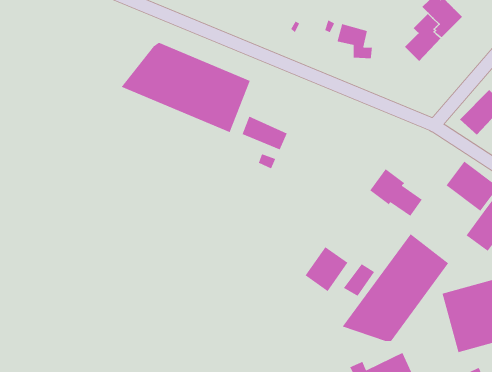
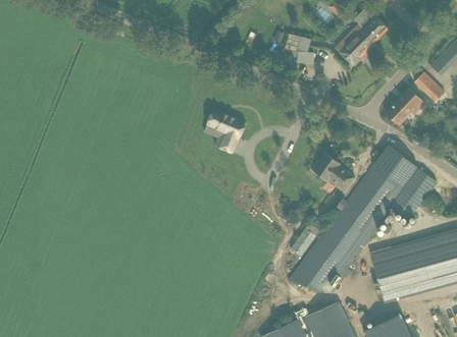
building: [120,42,251,133] -> none
building: none -> [345,166,404,229]
building: [304,246,349,292] -> none

